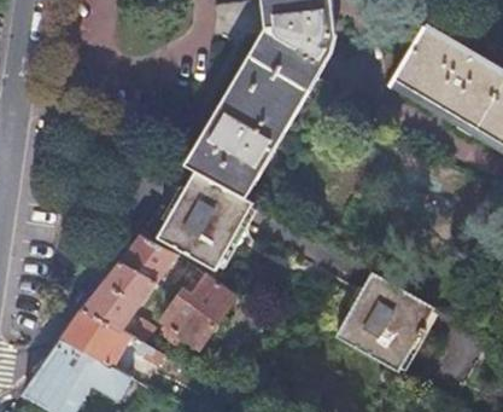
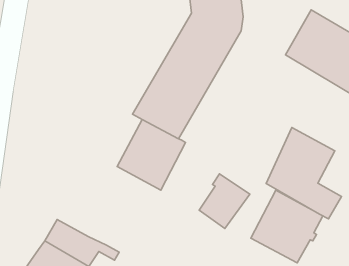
building: none -> [266,128,341,219]
building: [80,236,176,346] -> none
building: [164,274,233,349] -> [199,174,250,229]

